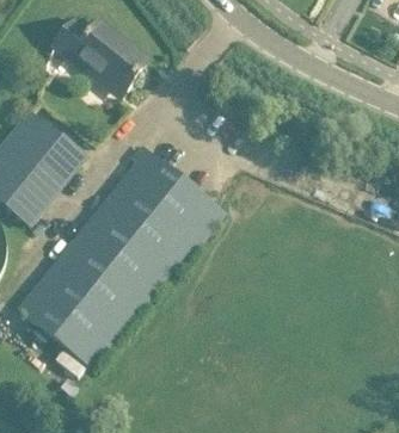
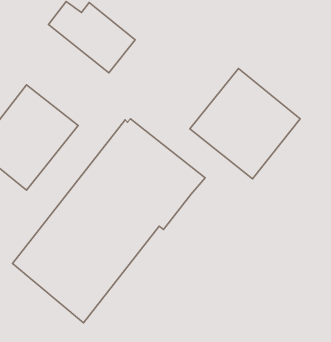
building: none -> [190,68,300,179]

